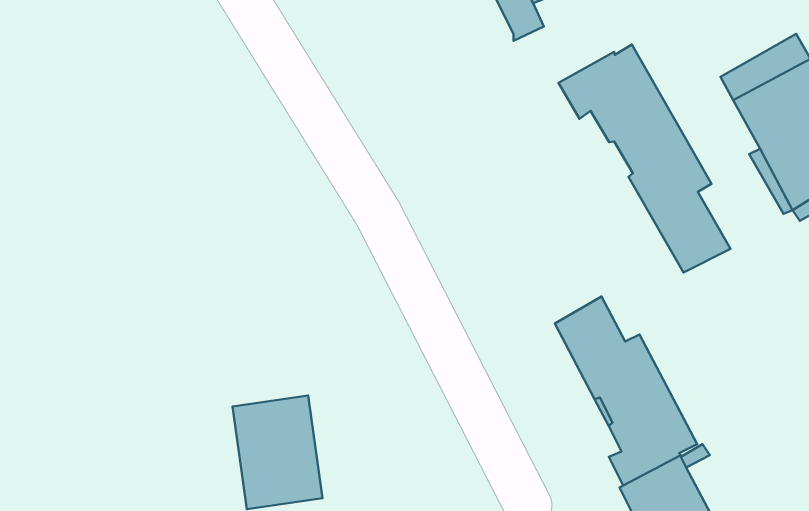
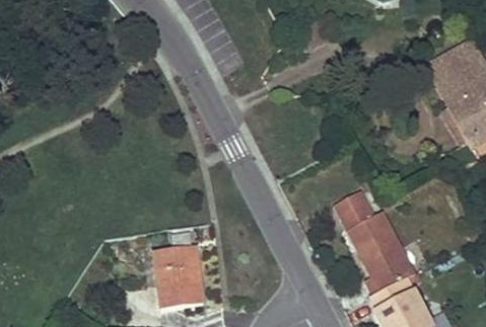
building: [558,45,731,273] -> none

